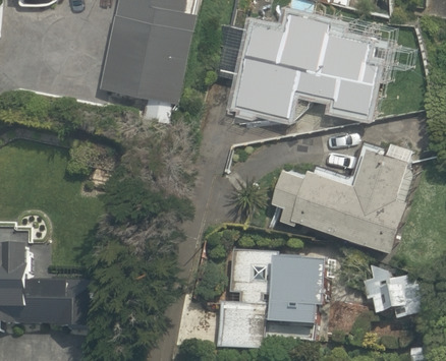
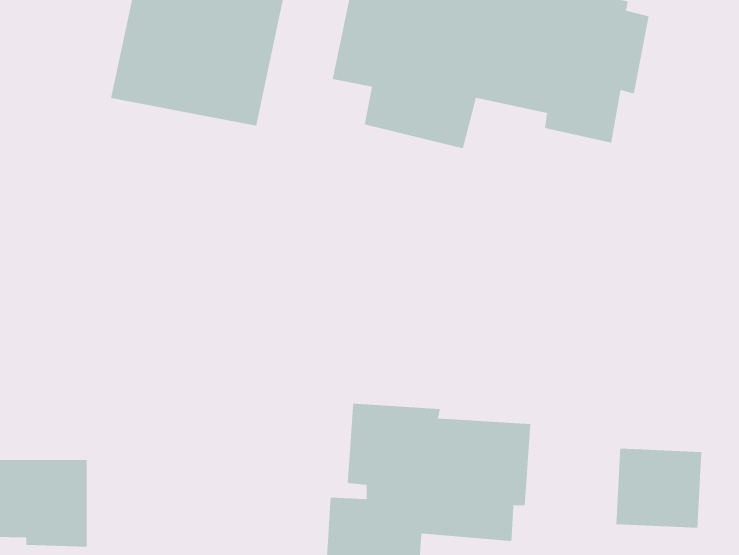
building: [272,144,414,246] -> none

